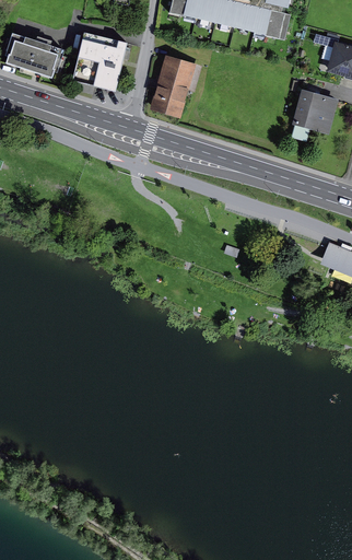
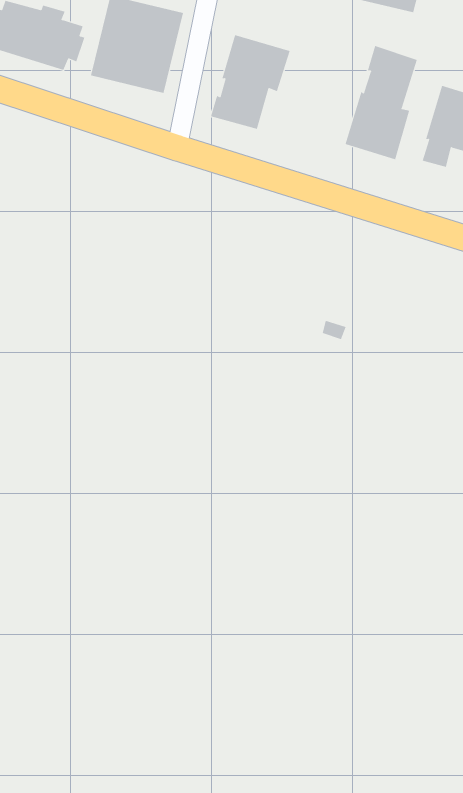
building: none -> [345,45,418,160]

